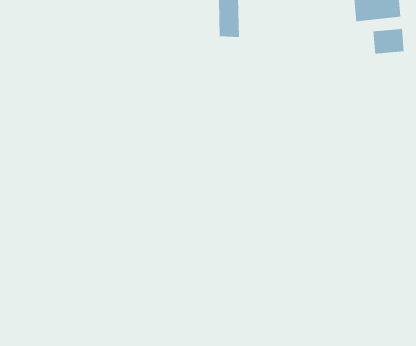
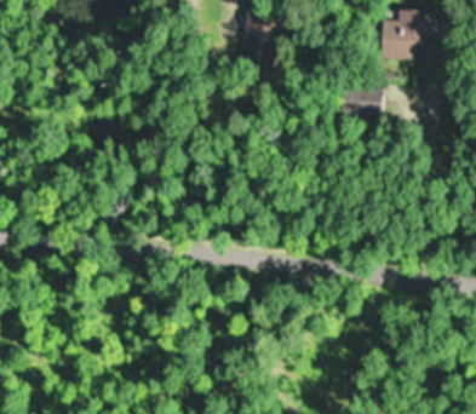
building: [372,29,405,54] -> [345,87,375,110]

